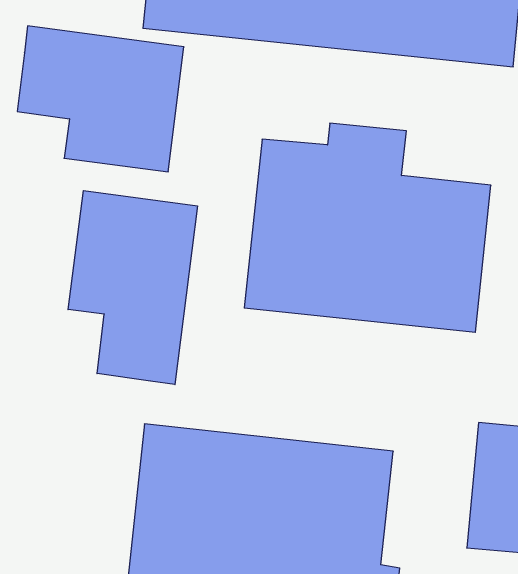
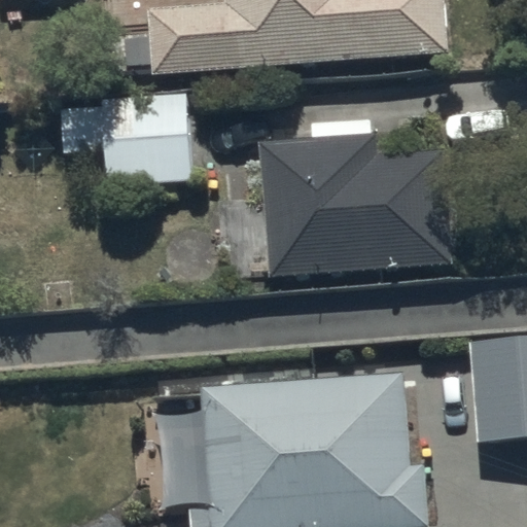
building: [68,191,197,385] -> none

